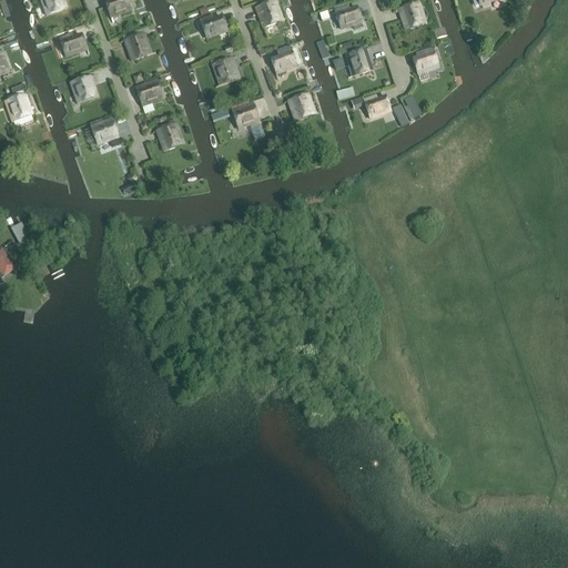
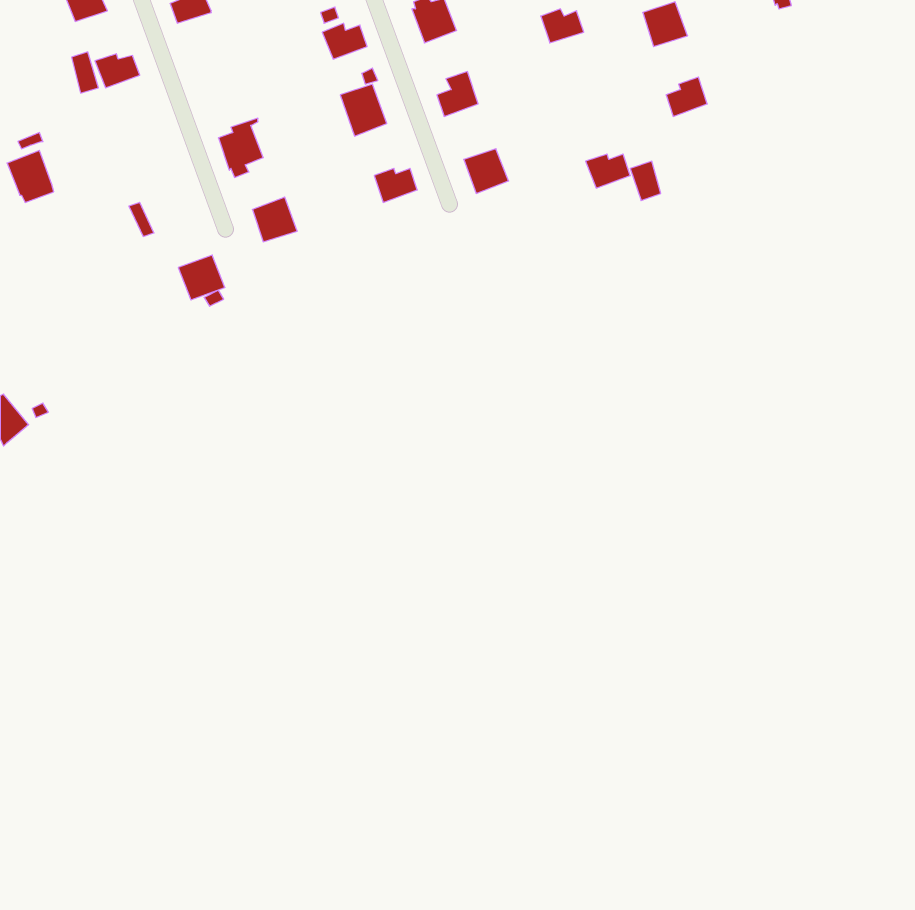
building: [124,31,151,59] -> none
building: [345,48,373,75] -> none
building: [70,74,98,102] -> none
building: [90,116,119,144] -> [178,255,225,300]

